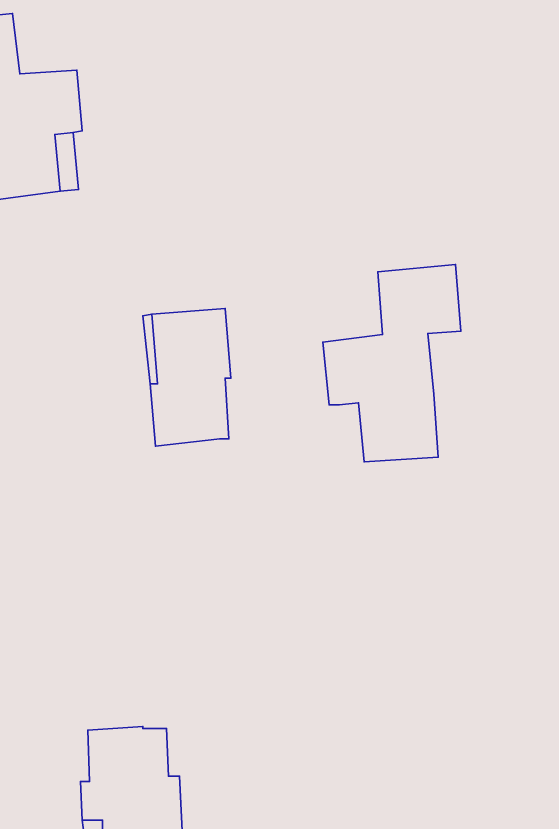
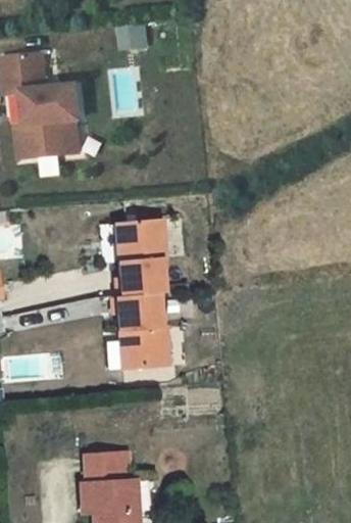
building: [323,265,461,462] -> none
building: none -> [115,292,167,369]

